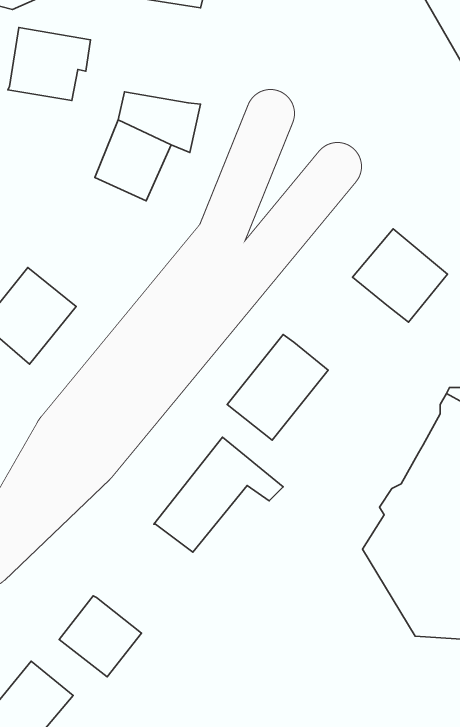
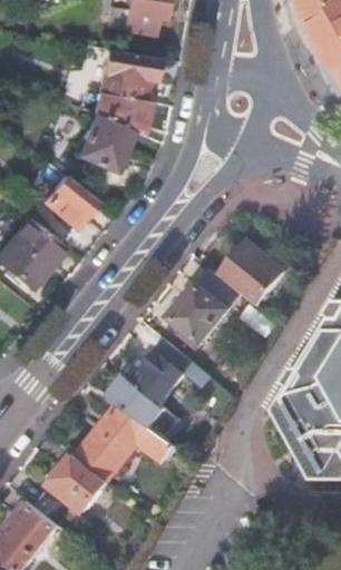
building: [8,27,90,101] -> [95,49,154,101]
building: none -> [40,176,91,227]
building: [353,229,447,322] -> [216,238,284,305]
building: none -> [75,403,175,481]

